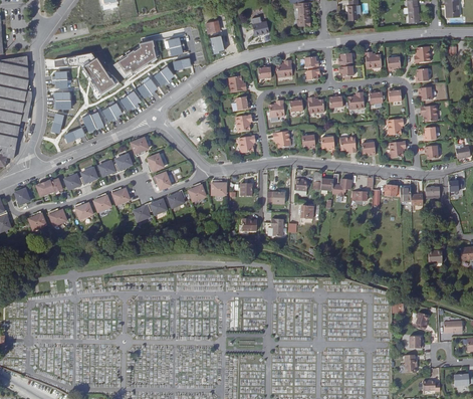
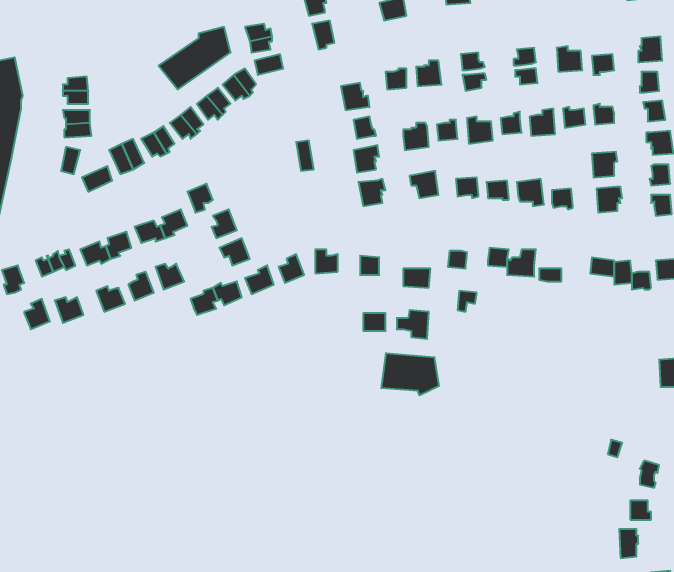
building: [54,53,121,96] -> none
building: none -> [382,353,439,395]

